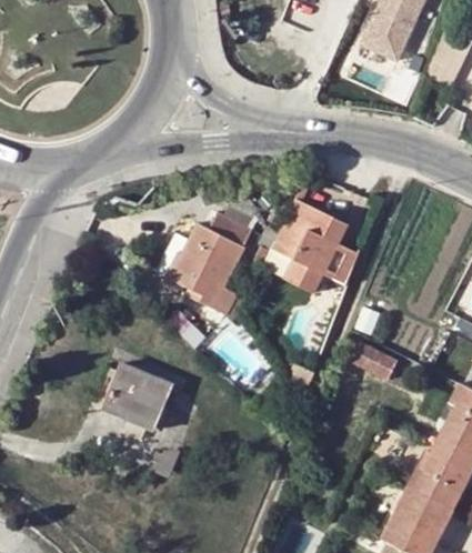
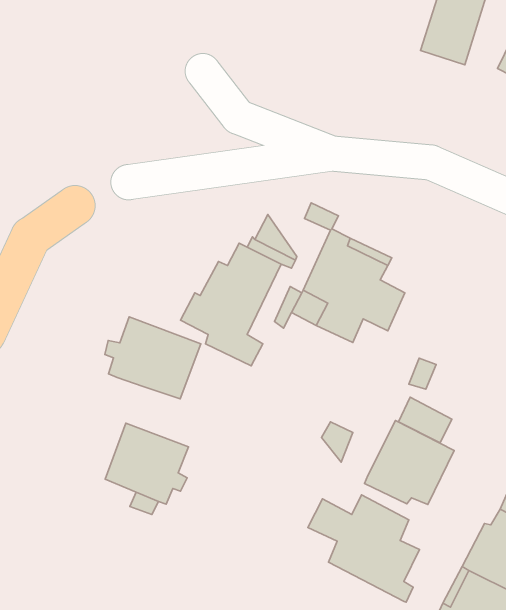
building: none -> [105,317,201,399]
building: none -> [364,420,454,505]
building: none -> [308,495,419,602]

